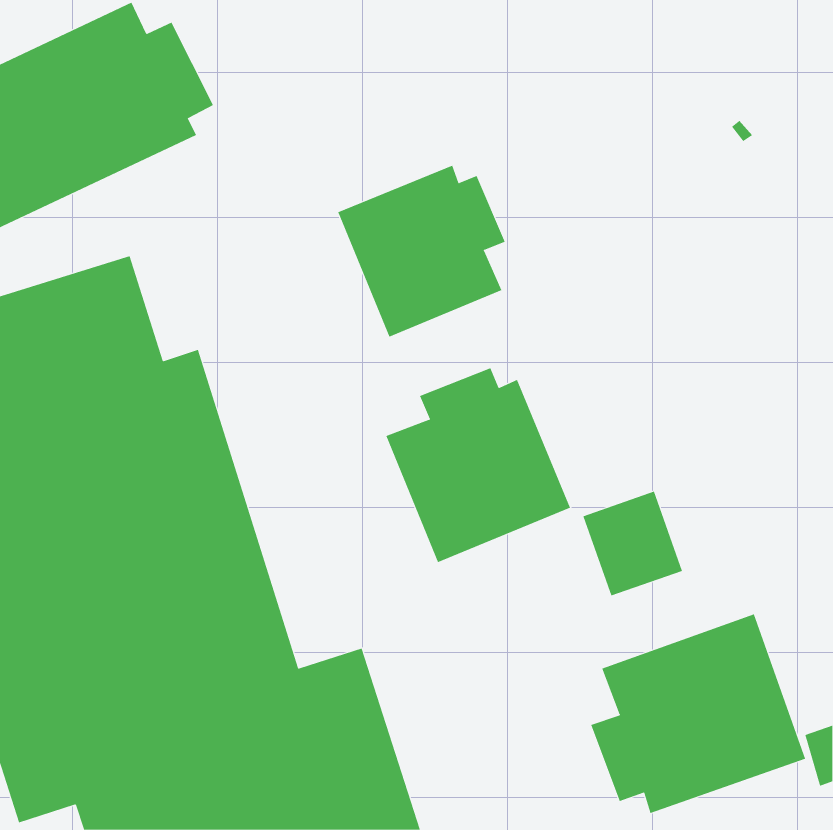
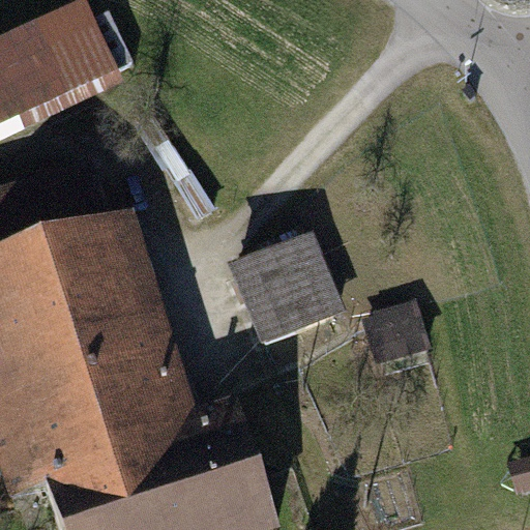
building: [337,165,506,337] -> none
building: [591,613,806,814] -> none

